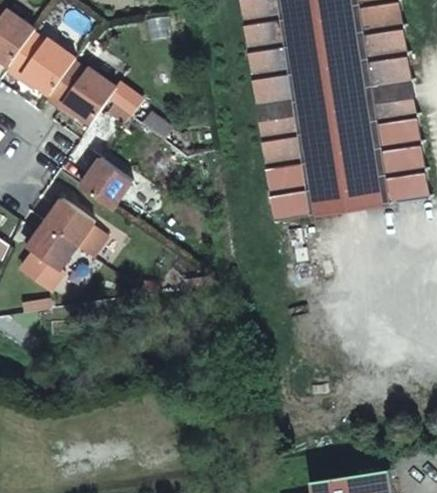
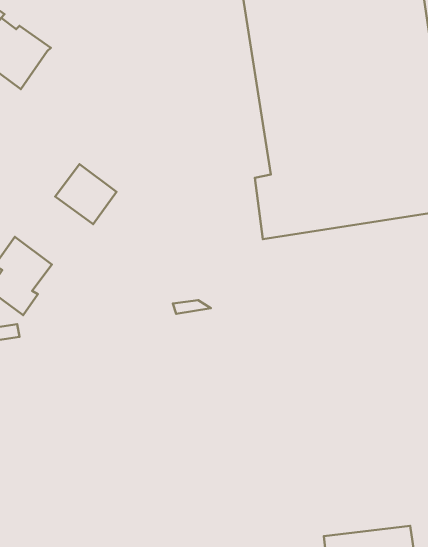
building: [48,59,140,121] -> none
building: [45,198,106,255] -> none

